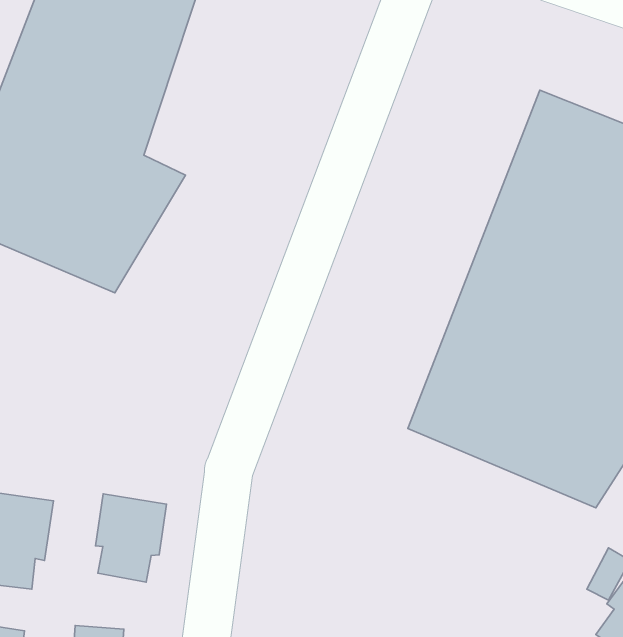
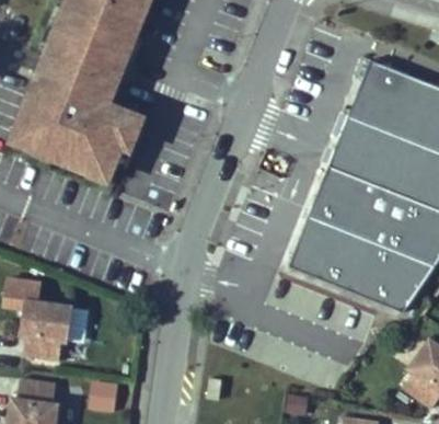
building: [95,494,166,582] -> none

